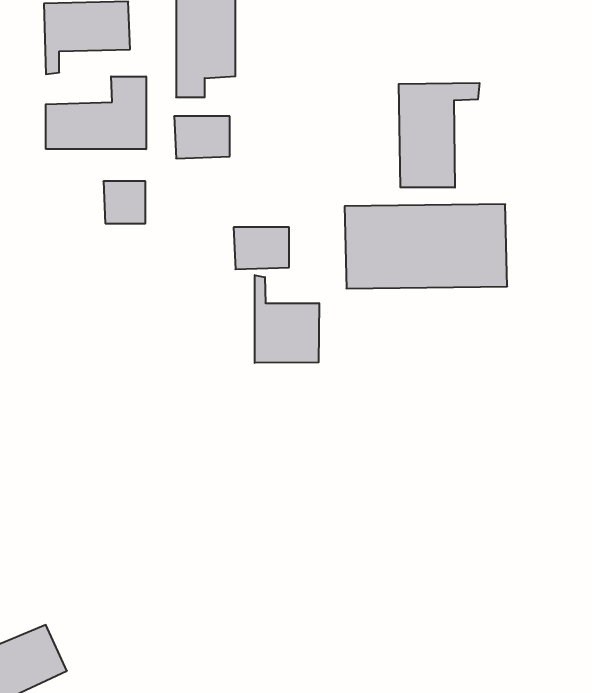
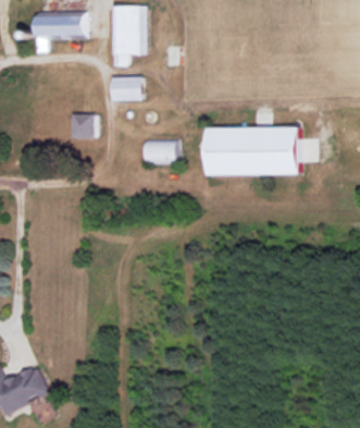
building: [46,76,146,149] -> none
building: [399,83,479,188] -> none
building: [255,275,319,363] -> none

